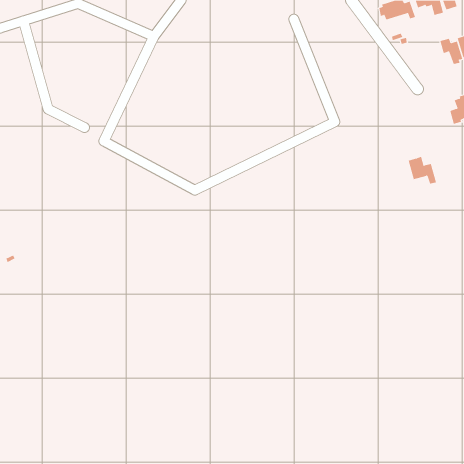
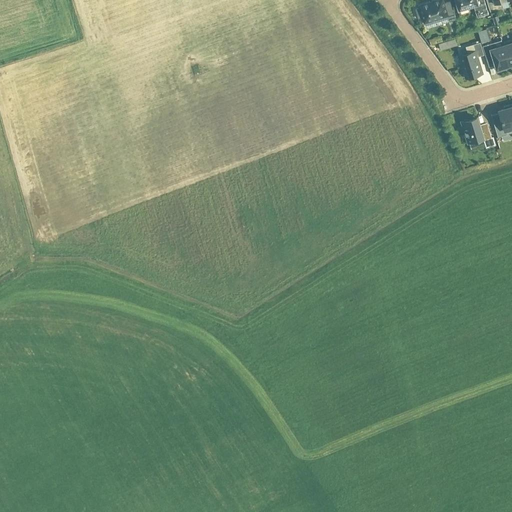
building: none -> [460,45,484,79]
building: [408,156,437,184] -> [463,117,495,148]

